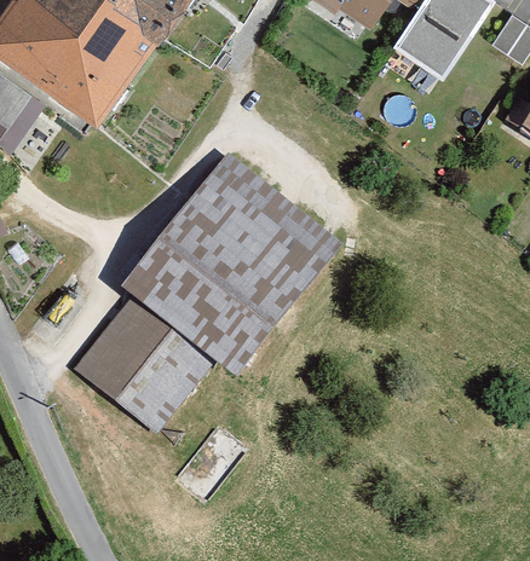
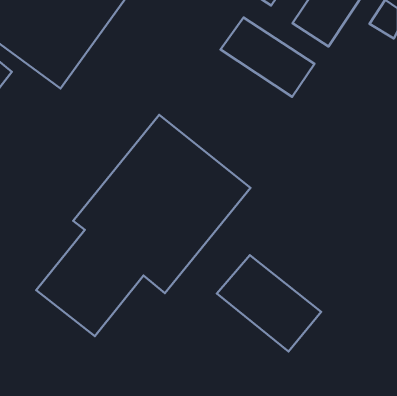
building: none -> [220,17,314,97]
building: none -> [217,255,321,351]

